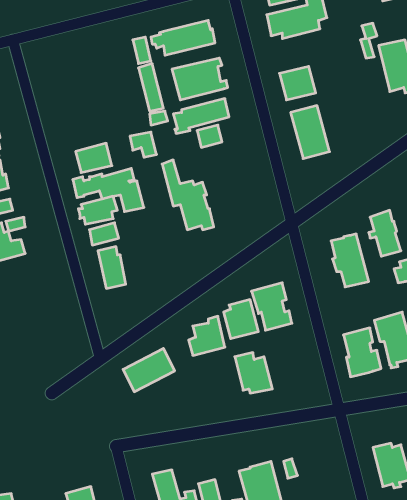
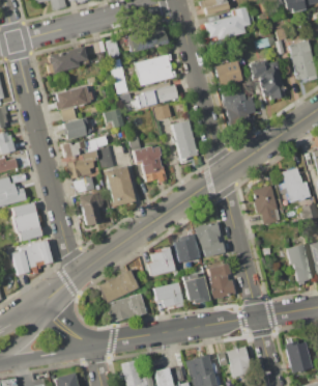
building: none -> [47,46,86,73]
building: none -> [249,60,285,99]
building: none -> [55,86,92,121]
building: none -> [172,120,197,158]
building: none -> [103,165,135,205]
building: none -> [12,202,41,241]
building: none -> [11,240,51,274]
building: [343,328,381,377] -> [207,263,235,299]
building: none -> [154,281,183,307]
building: none -> [106,293,145,322]
building: none -> [227,347,252,377]

